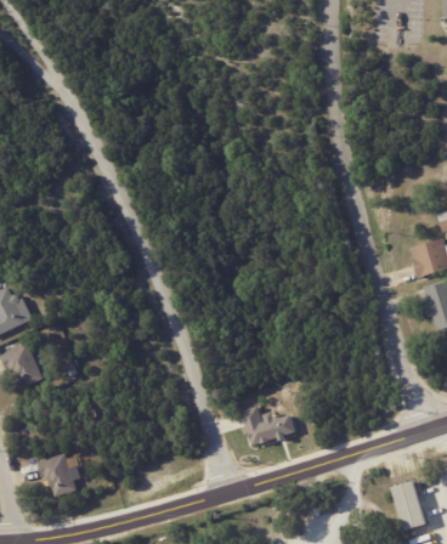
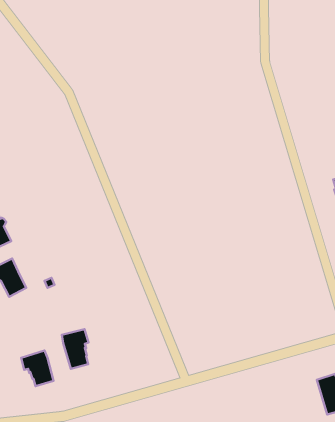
building: [239,406,294,447] -> none
building: none -> [62,329,89,369]

